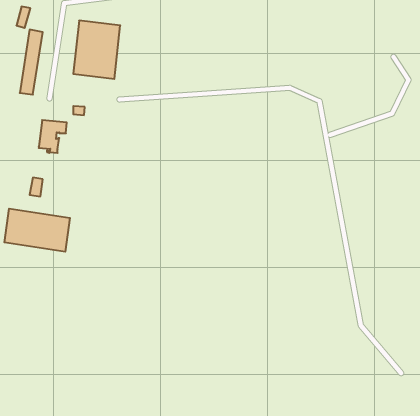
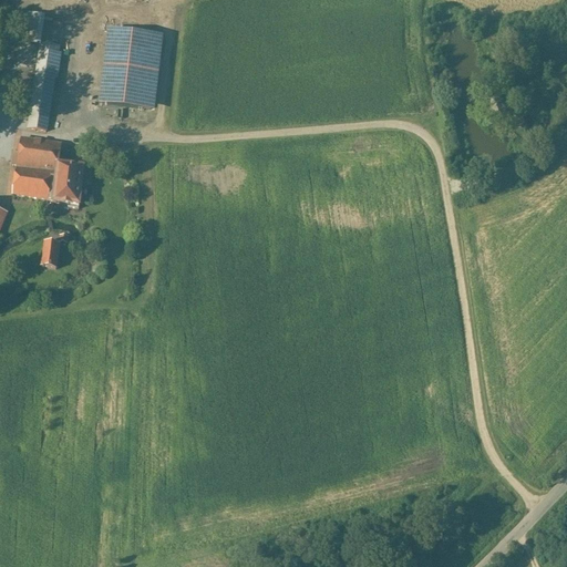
building: none -> [11,135,60,197]
building: [4,209,70,252] -> none

